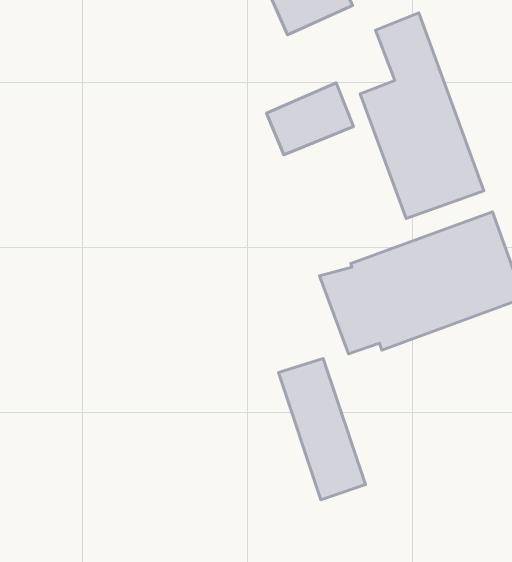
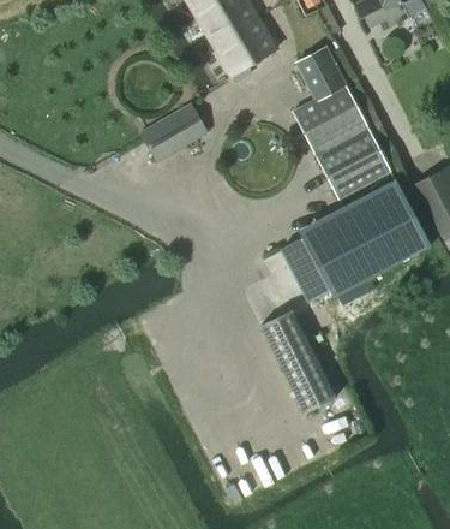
building: [266,83,354,155] -> [142,102,206,160]

